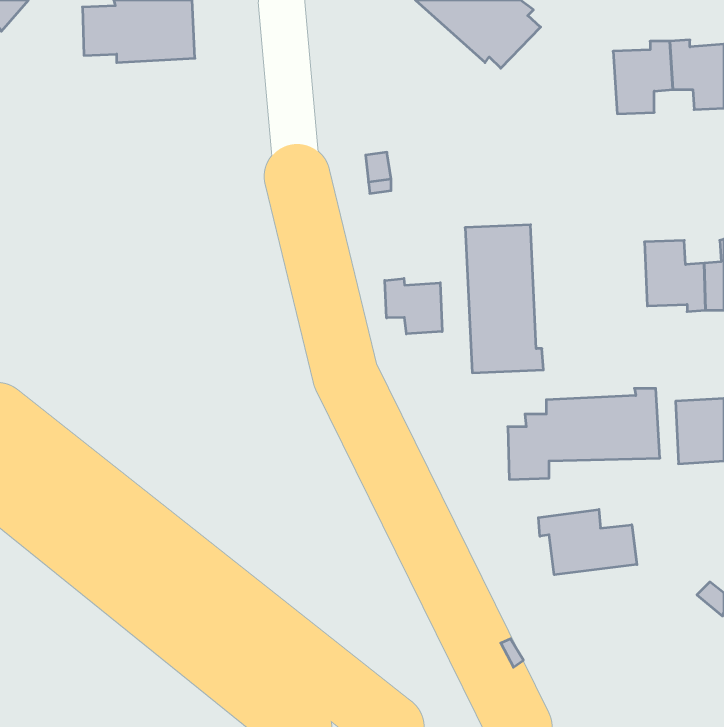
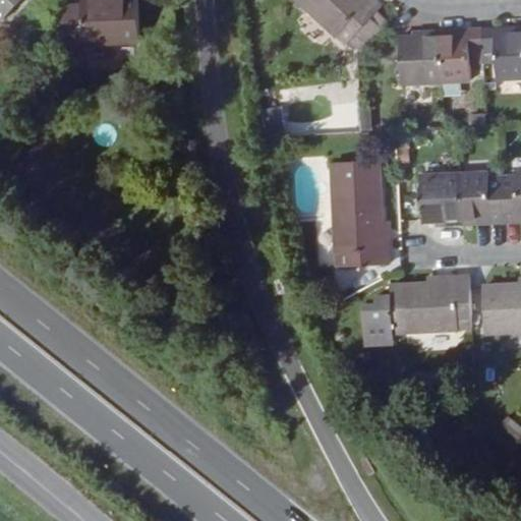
building: none -> [399,32,442,83]
building: none -> [420,173,463,225]
building: [385,278,442,334] -> none
building: [538,509,637,575] -> none

